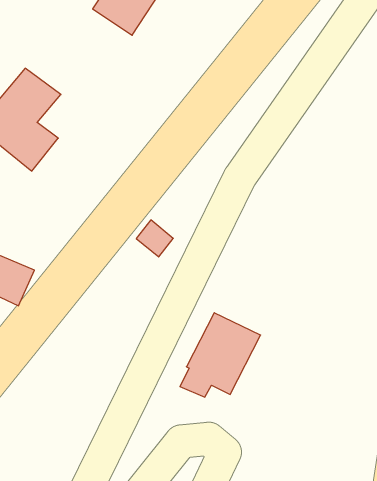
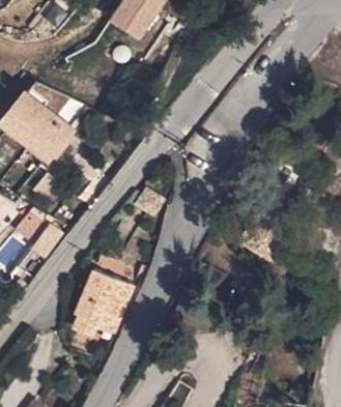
building: [180,313,261,397] -> [73,270,136,337]

